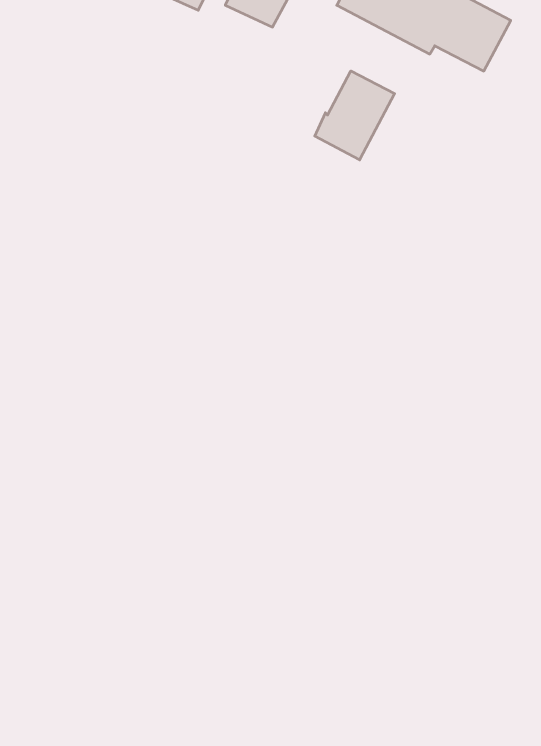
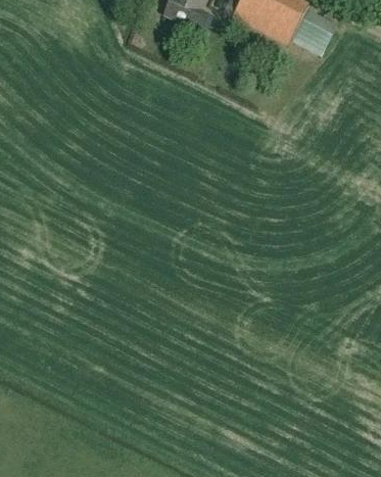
building: [315,71,395,160] -> none

